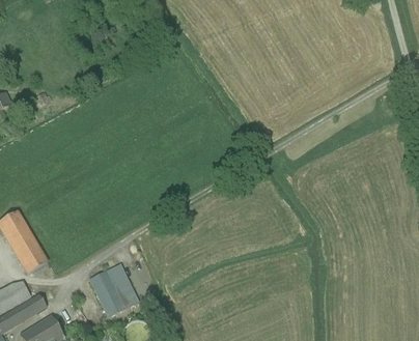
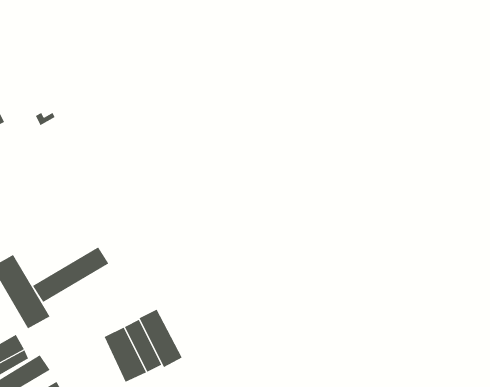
building: none -> [32,246,109,303]
building: none -> [139,309,183,368]

